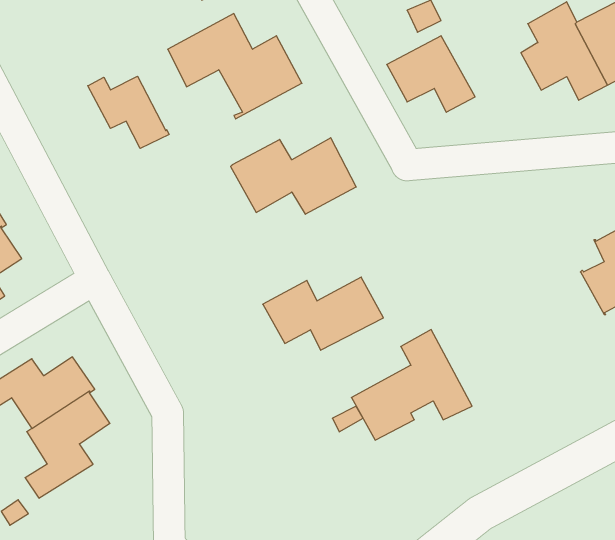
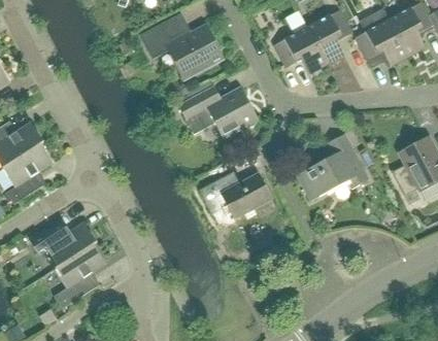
building: none -> [307,9,352,64]
building: [88,76,169,148] -> none
building: [351,330,472,440] -> [297,133,370,200]

